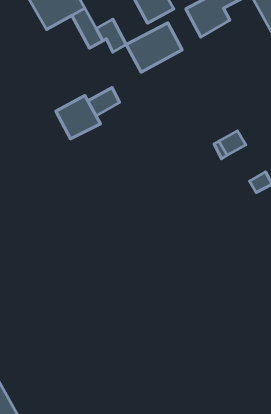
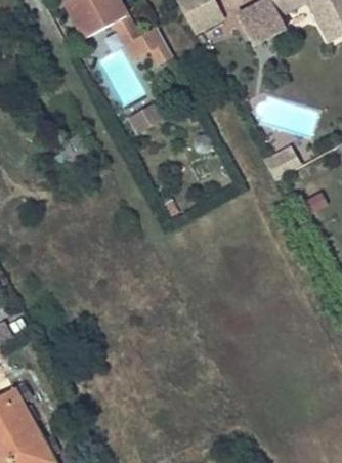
building: [126,23,182,72] -> none
building: [56,96,100,139] -> none

